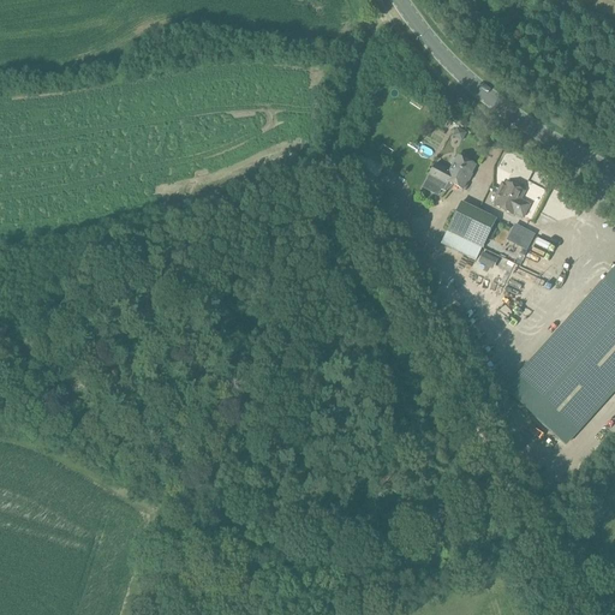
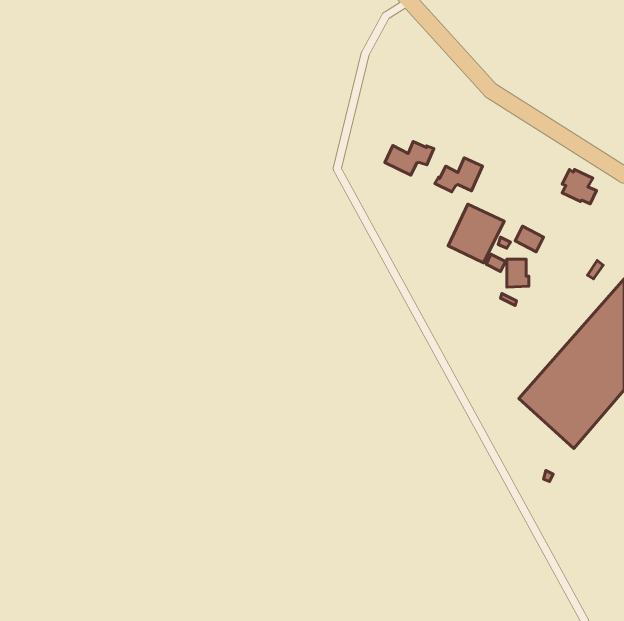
building: none -> [385,142,434,175]
building: [495,180,529,214] -> [562,170,596,204]

